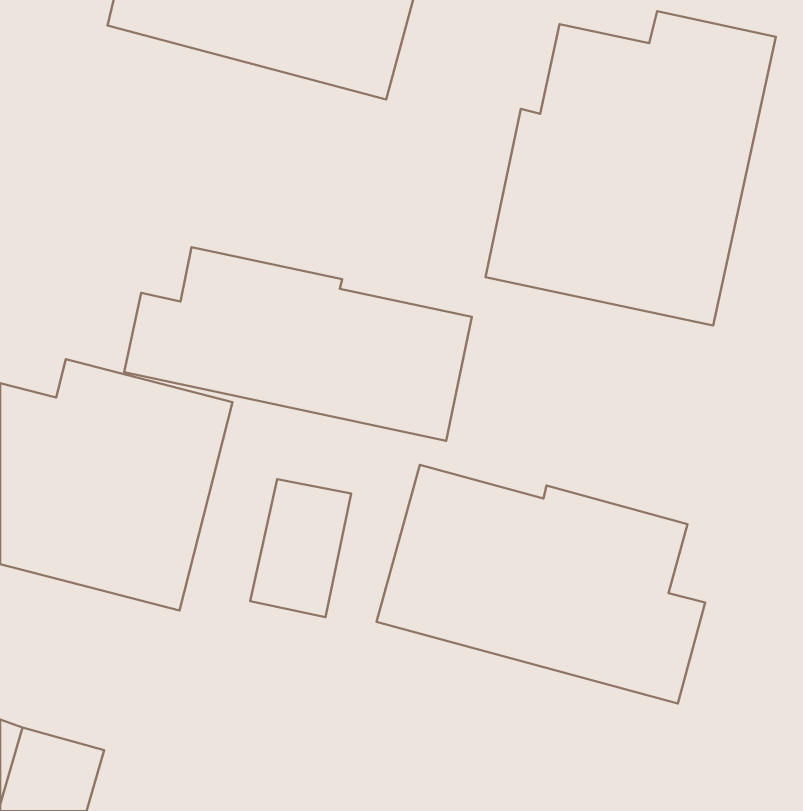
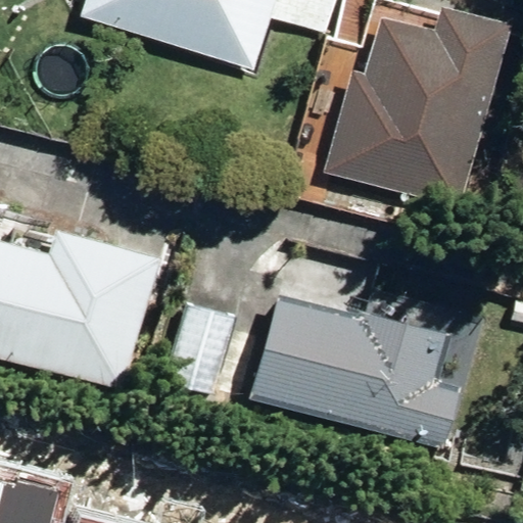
building: [124,247,472,441] -> none

